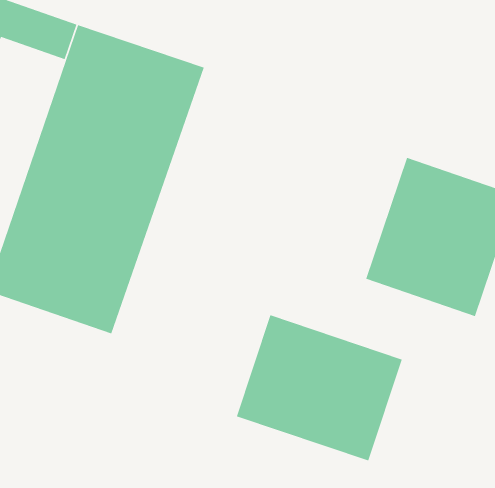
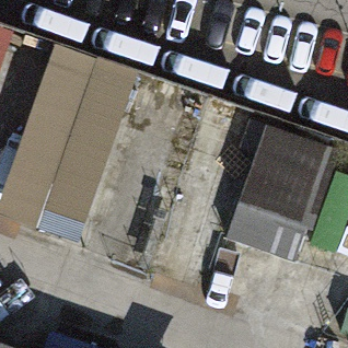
building: [236,314,403,462] -> none

